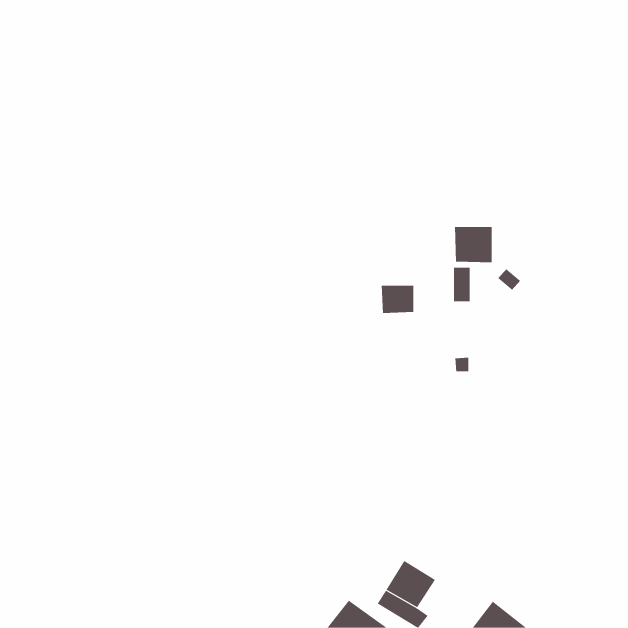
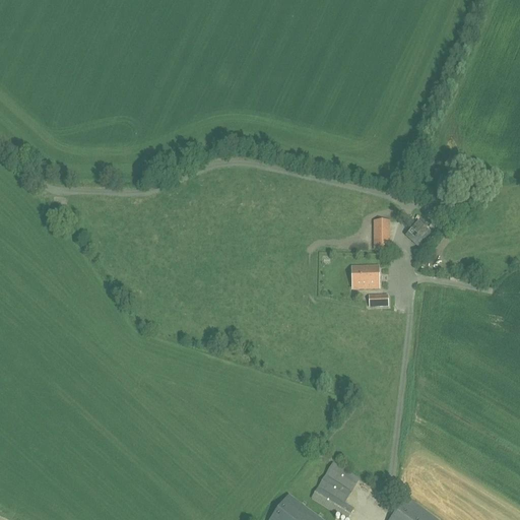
building: [455,226,492,263] -> none
building: [381,285,414,314] -> [350,266,378,289]

